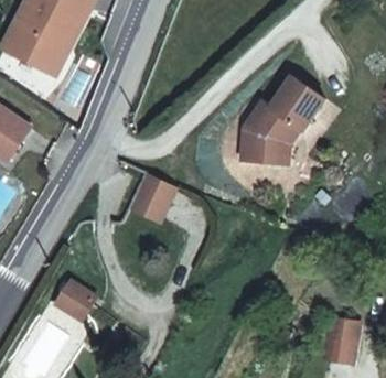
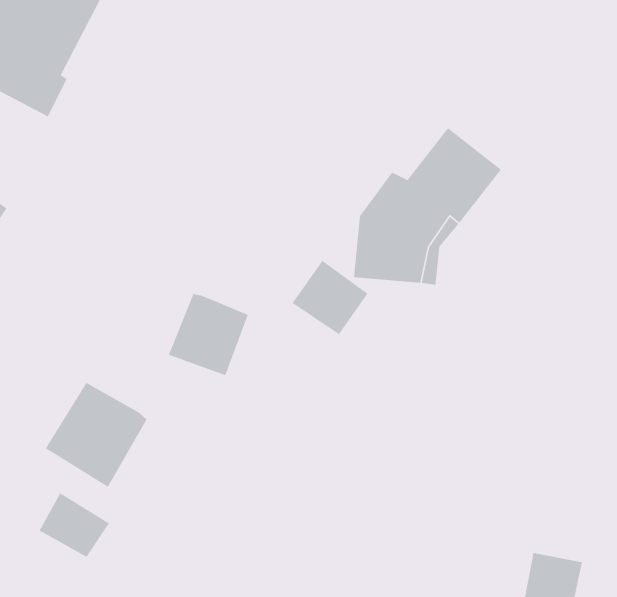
building: none -> [291,260,369,335]
building: none -> [45,382,148,488]

